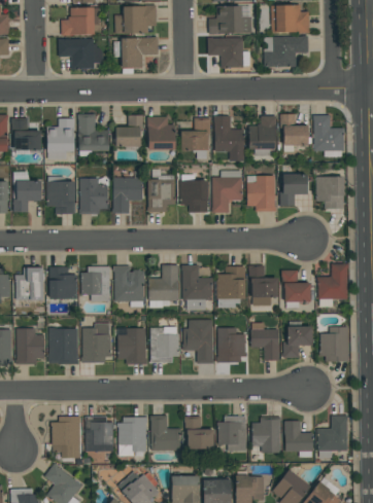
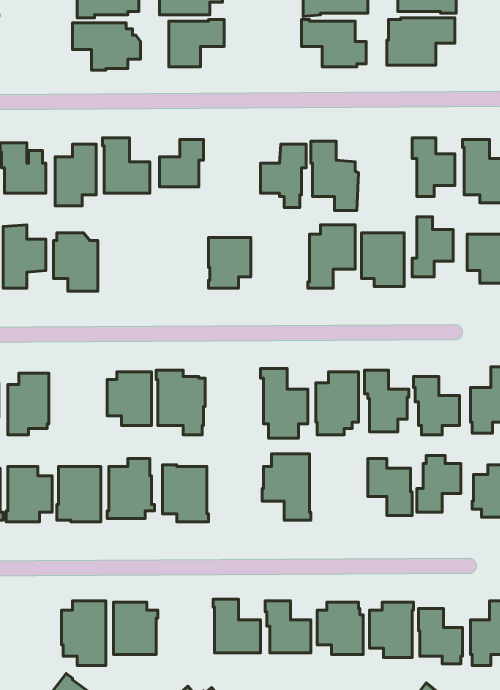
building: [147,116,175,149] -> none
building: [249,116,277,155] -> none
building: [180,175,208,212] -> none
building: [79,178,108,214] -> none
building: [112,178,142,213] -> none
building: [148,264,179,308] -> none
building: [49,266,79,298] -> none
building: [150,327,180,362] -> none
building: [216,327,247,362] -> none
building: [117,417,148,456] -> none

